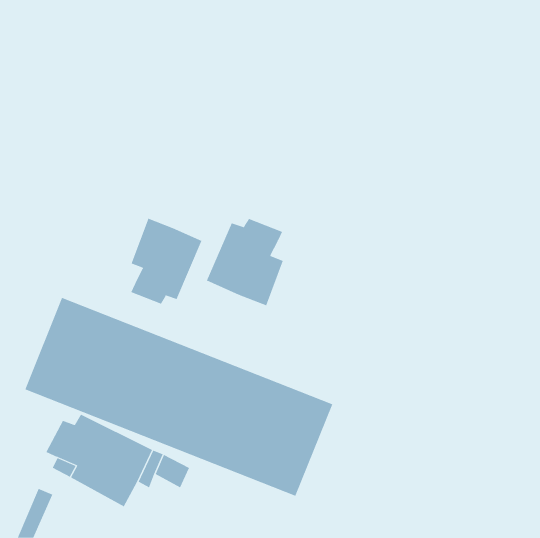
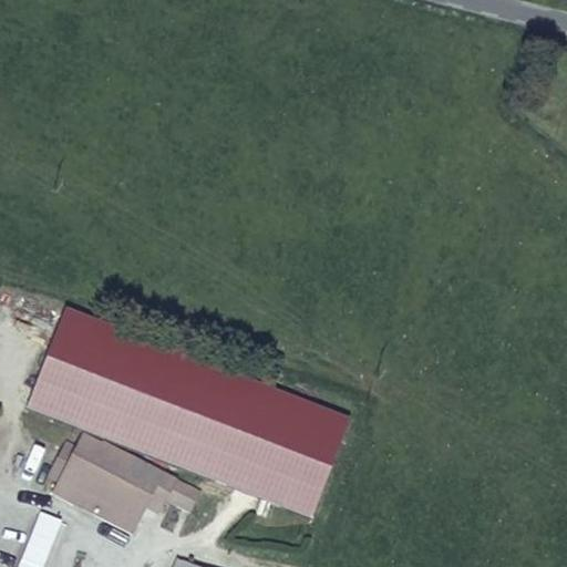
building: [130,218,202,305] -> none
building: [206,218,284,306] -> none

